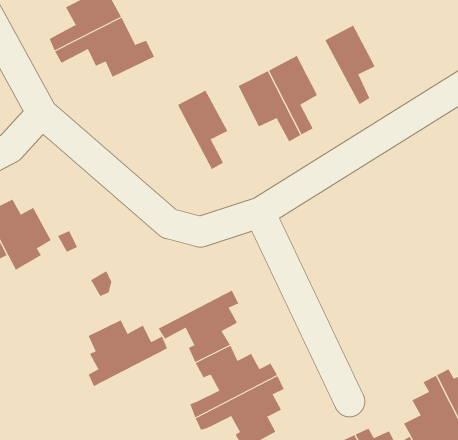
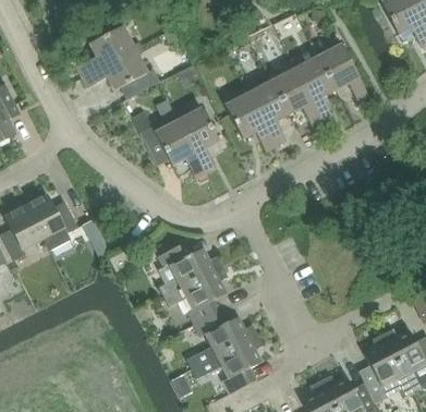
building: none -> [317,44,367,100]
building: none -> [272,68,321,124]
building: none -> [139,119,205,175]
building: [88,319,168,387] -> [158,242,221,295]

